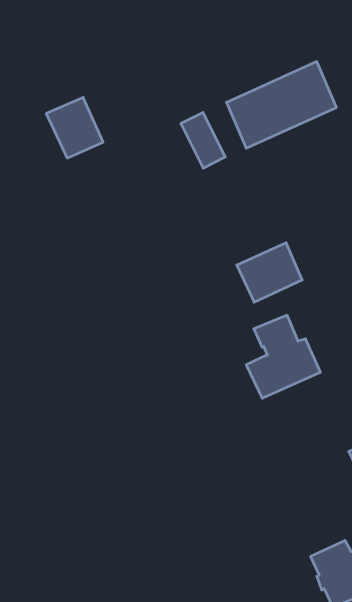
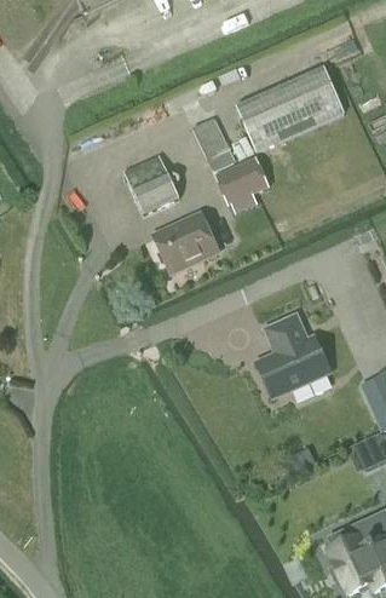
building: [46,97,103,158] -> [123,153,179,212]
building: none -> [217,156,270,203]
building: [237,243,302,302] -> [154,213,218,271]

